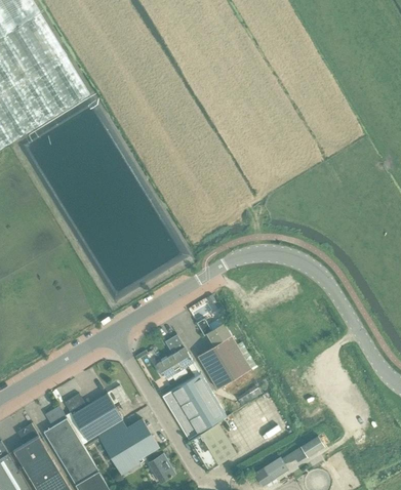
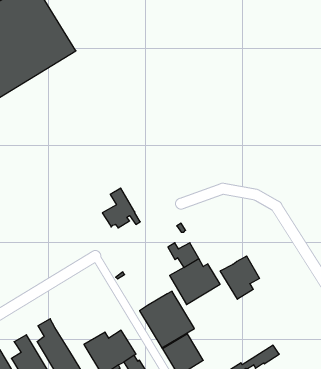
building: none -> [220,256,259,299]
building: [155,334,199,380] -> [102,188,140,228]
building: [64,391,122,443] -> none

